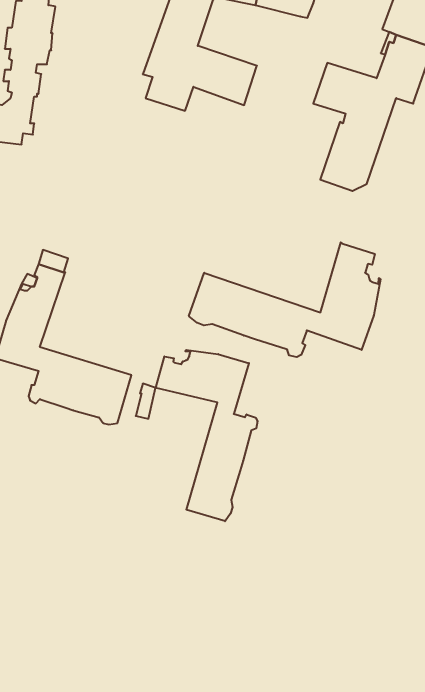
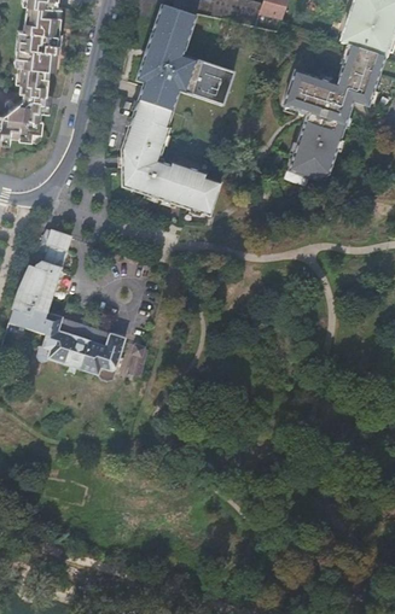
building: none -> [122,99,220,214]
building: [189,242,380,357] -> none
building: [155,350,257,521] -> none

